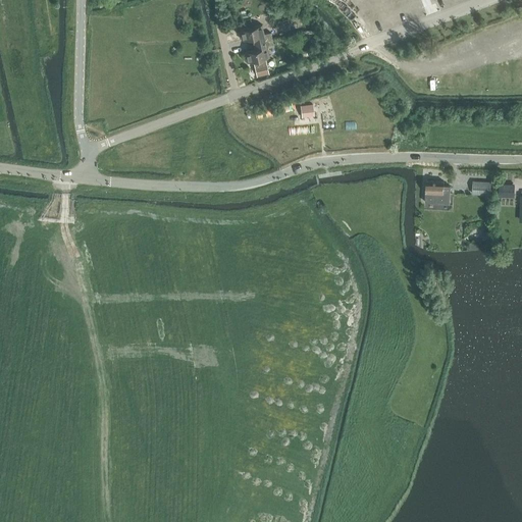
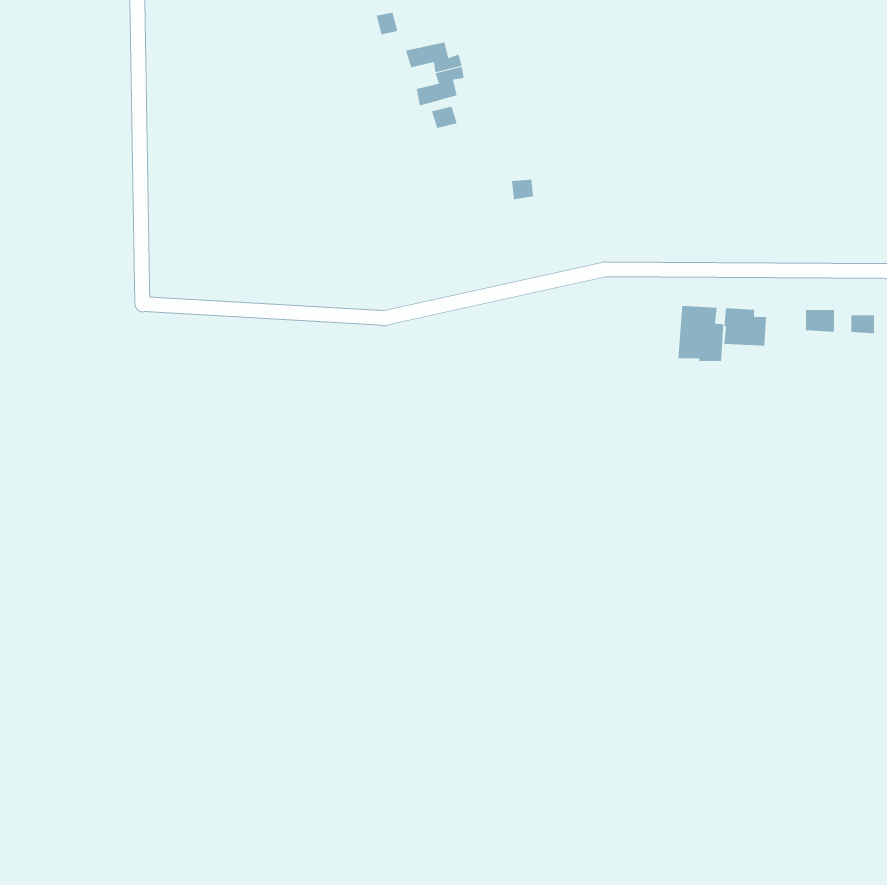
building: none -> [678,305,724,362]

